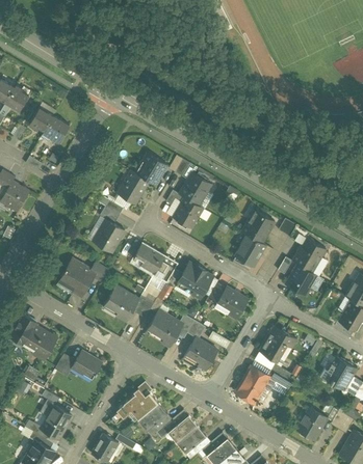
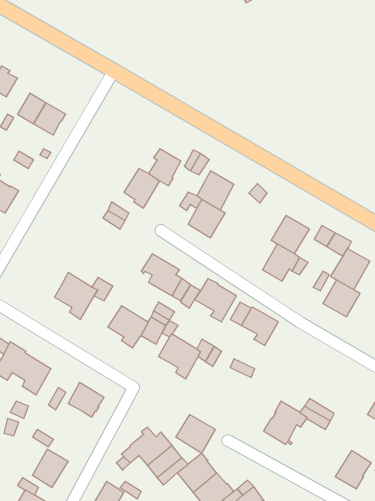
building: [93,220,125,252] -> none
building: [259,327,296,361] -> none
building: [184,338,217,371] -> [176,415,215,453]

